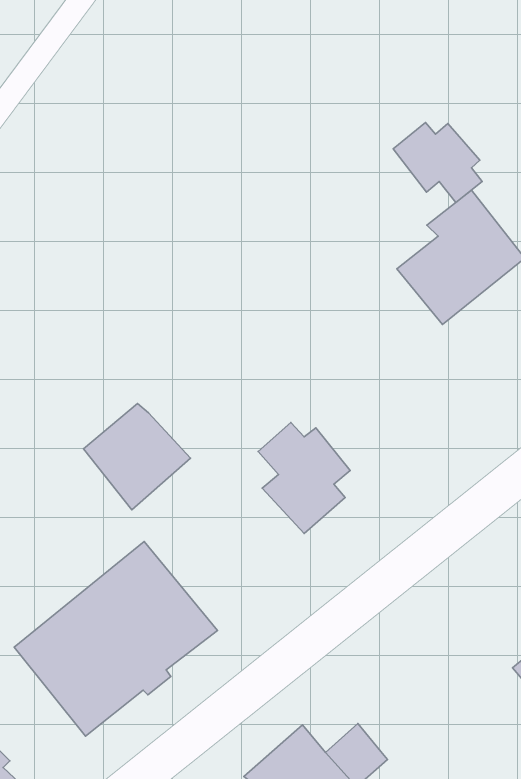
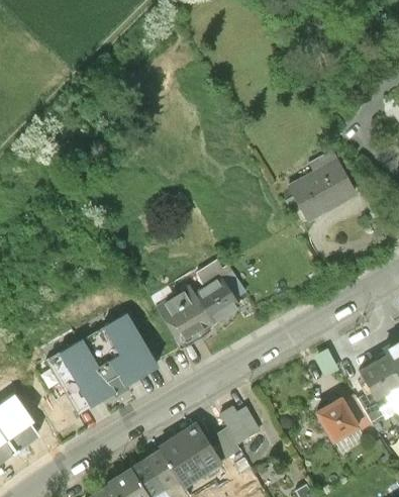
building: [393,122,482,202] -> none
building: [84,403,191,510] -> [157,288,214,345]
building: none -> [219,407,263,448]

